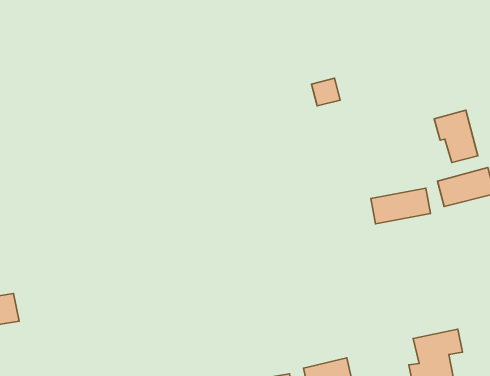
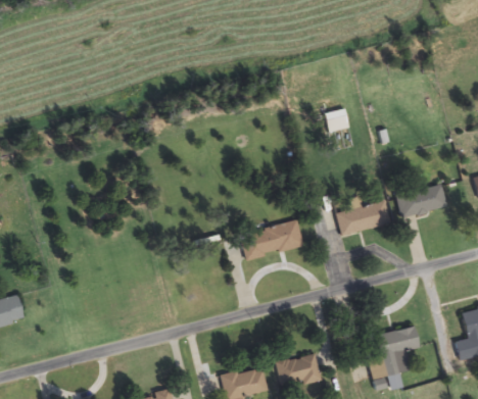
building: [311,78,340,106] -> [324,107,349,132]
building: [434,110,478,163] -> none
building: none -> [240,219,306,259]

